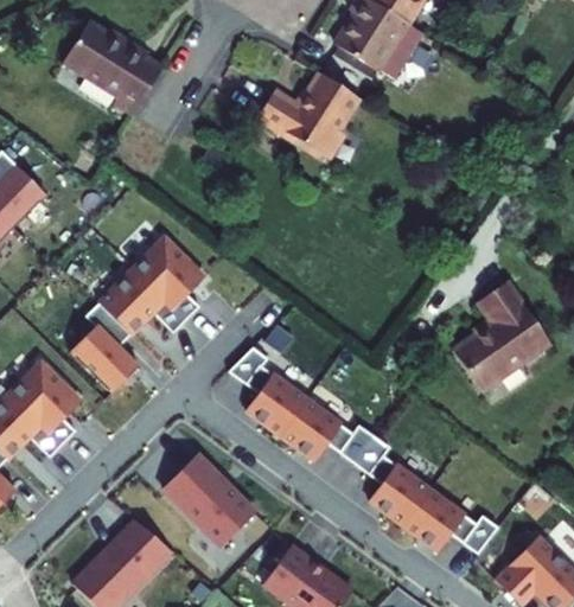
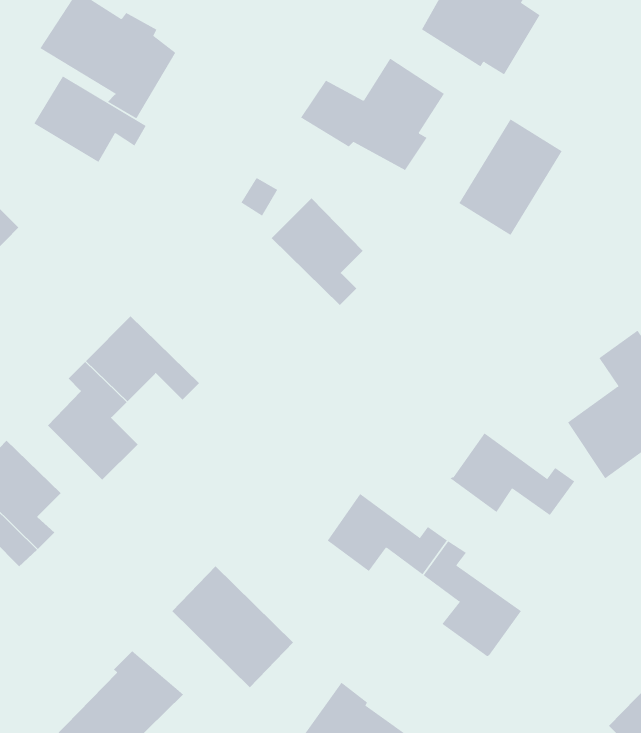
building: none -> [33,75,147,163]
building: none -> [459,119,563,236]
building: [130,235,200,317] -> [271,197,363,306]
building: [224,346,304,435] -> none
building: [400,488,495,551] -> [450,433,575,516]

